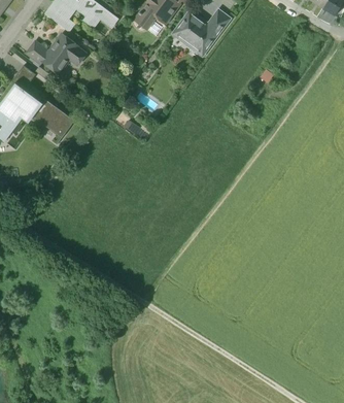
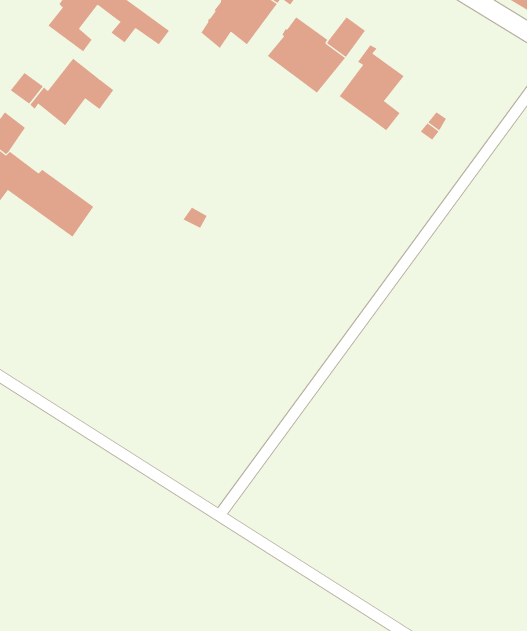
building: none -> [339,44,405,131]

